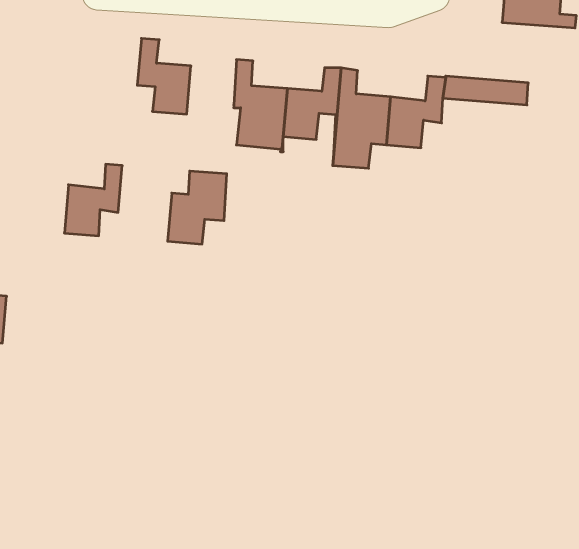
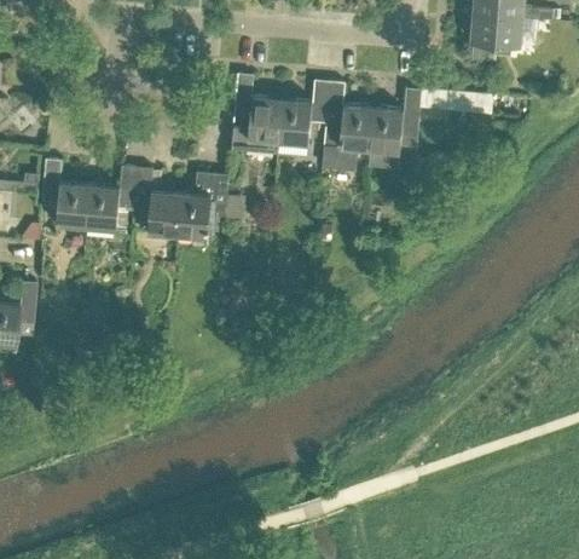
building: [137,38,191,114] -> [133,168,180,235]
building: none -> [41,160,89,227]

